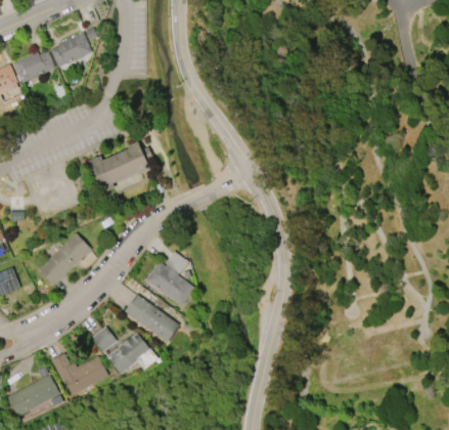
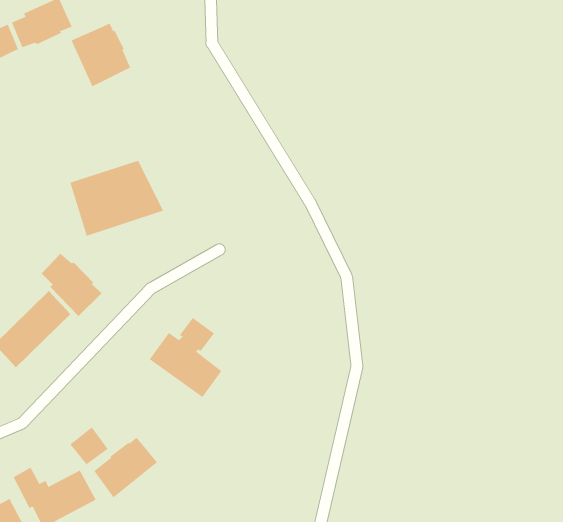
building: none -> [71,23,131,87]
building: none -> [41,253,103,317]
building: [124,294,179,342] -> none

